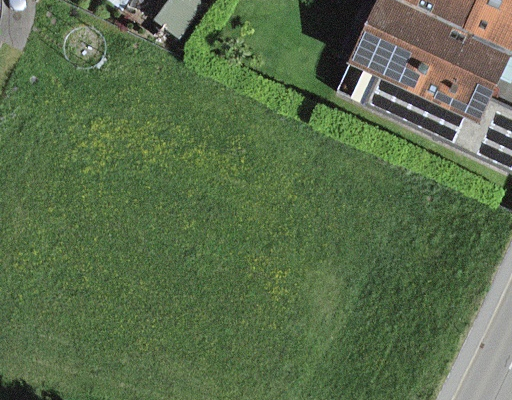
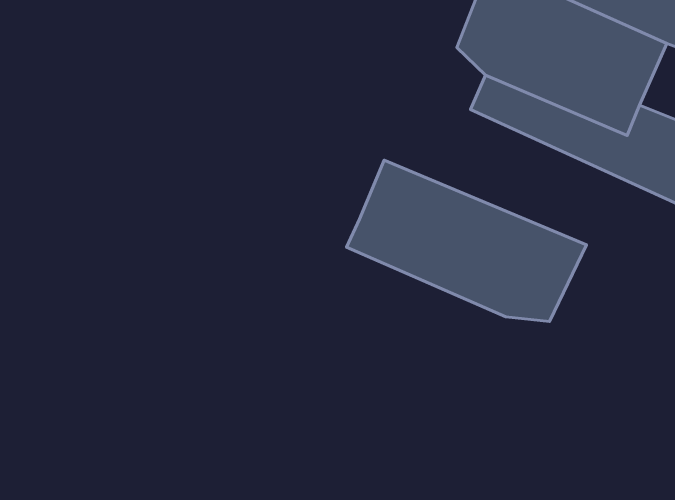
building: none -> [347,160,586,322]

